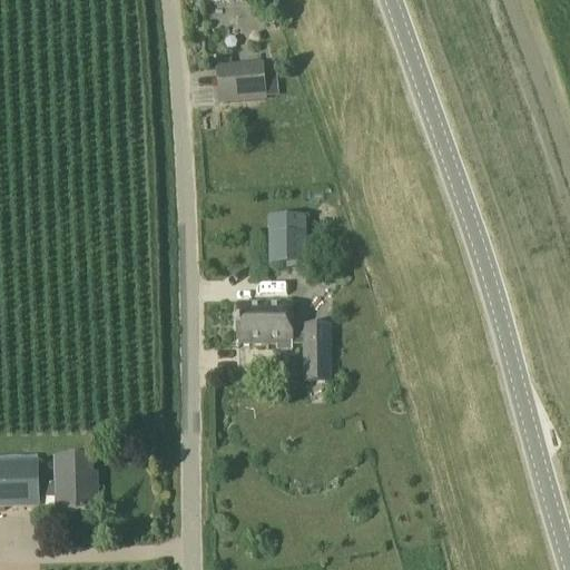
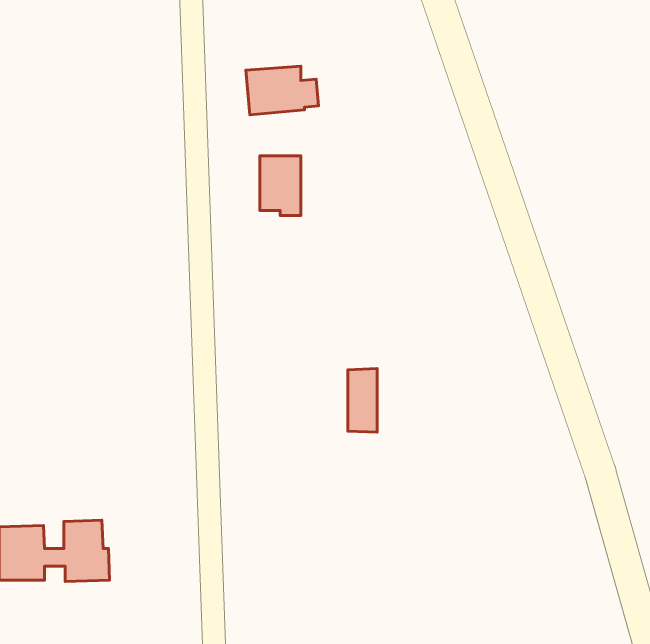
building: [268,214,304,266] -> [260,156,301,216]
building: [237,299,292,341] -> none

